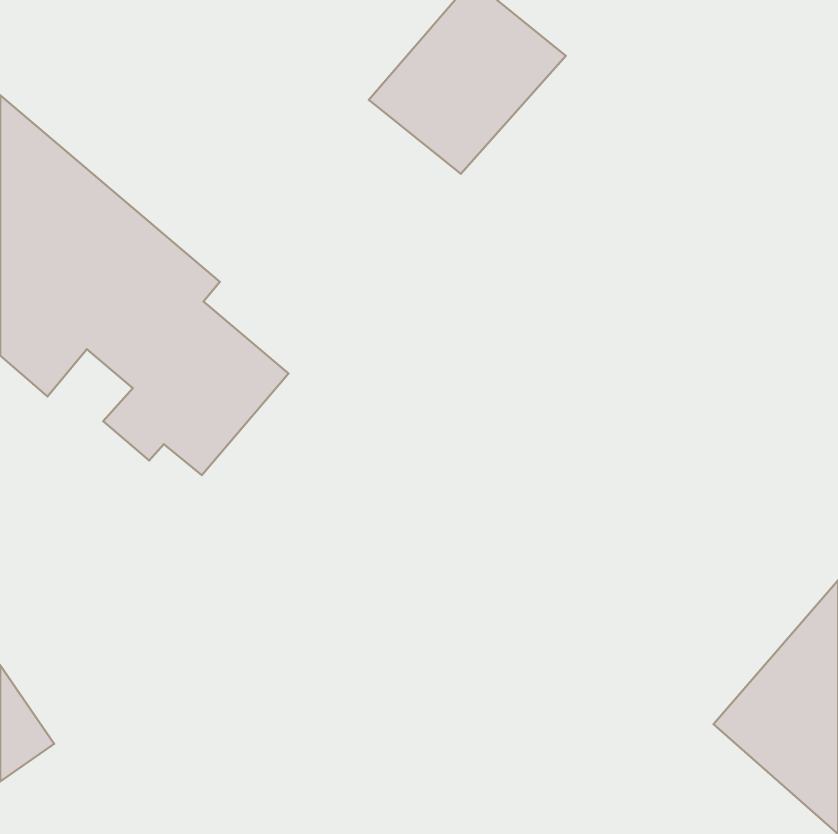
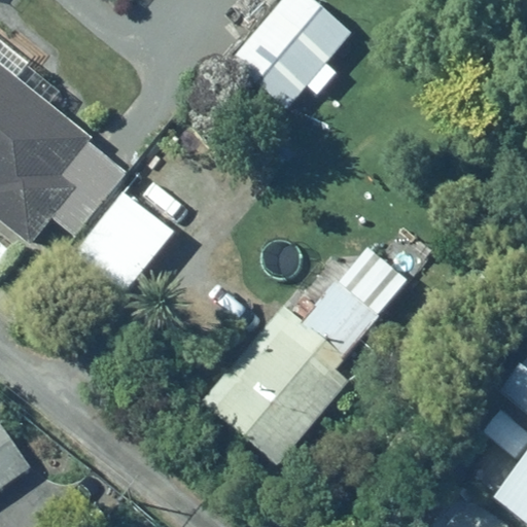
building: none -> [200,223,425,466]

